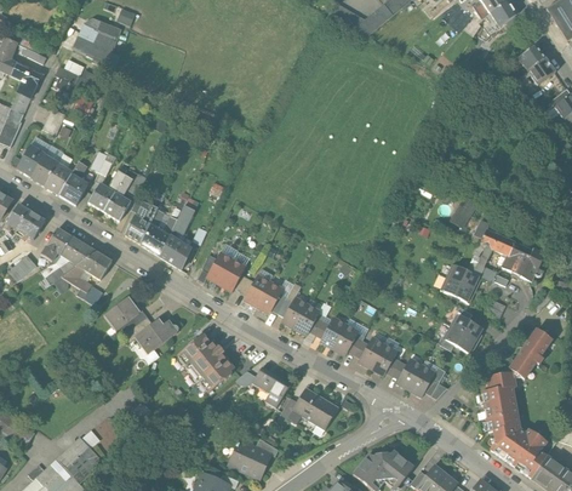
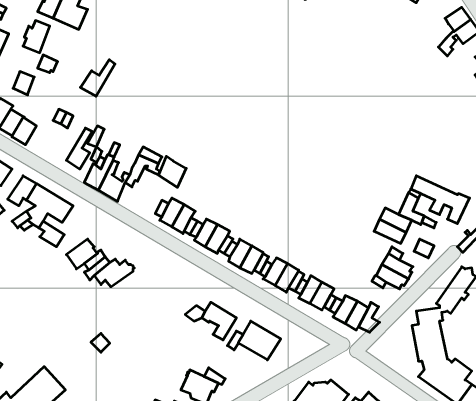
building: [59,161,87,205] -> none
building: [87,171,125,211] -> [80,60,115,96]
building: [447,192,477,227] -> none
building: [160,235,190,269] -> [158,156,186,187]
building: [177,333,234,393] -> none

